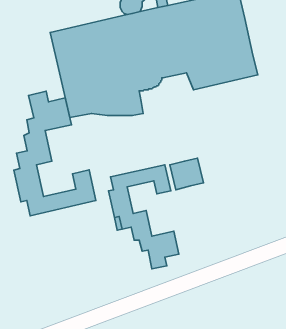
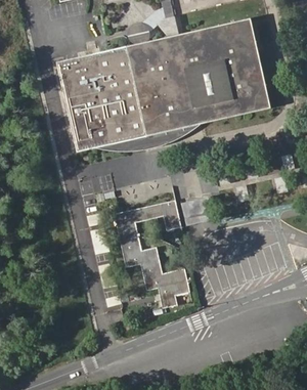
building: none -> [147,104,204,148]
building: [14,91,96,216] -> none

